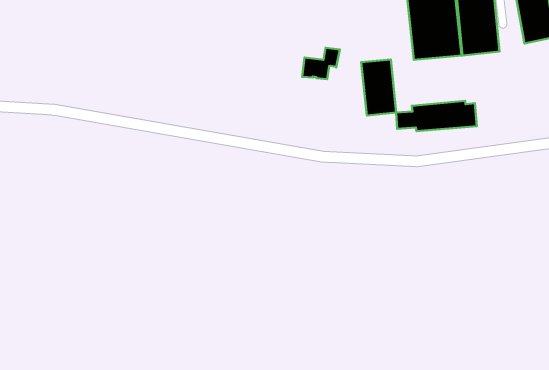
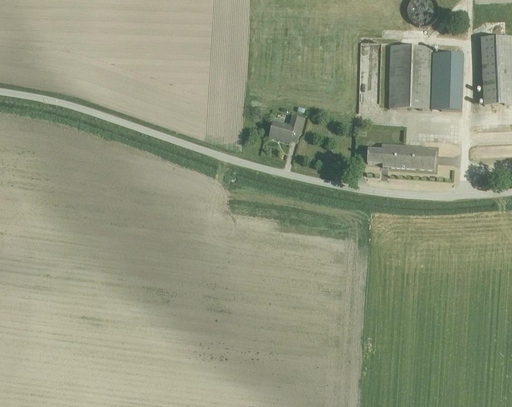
building: [302,48,340,79] -> [269,115,304,142]
building: [361,59,396,116] -> none

